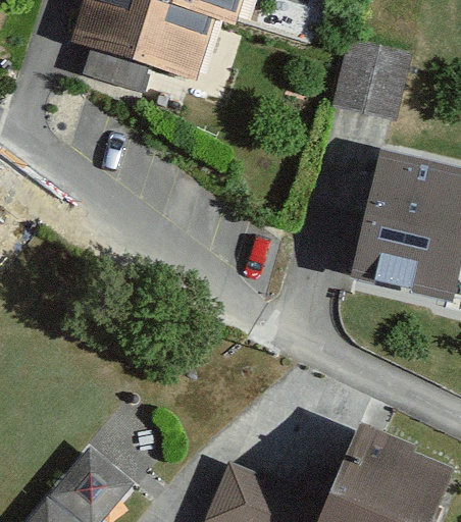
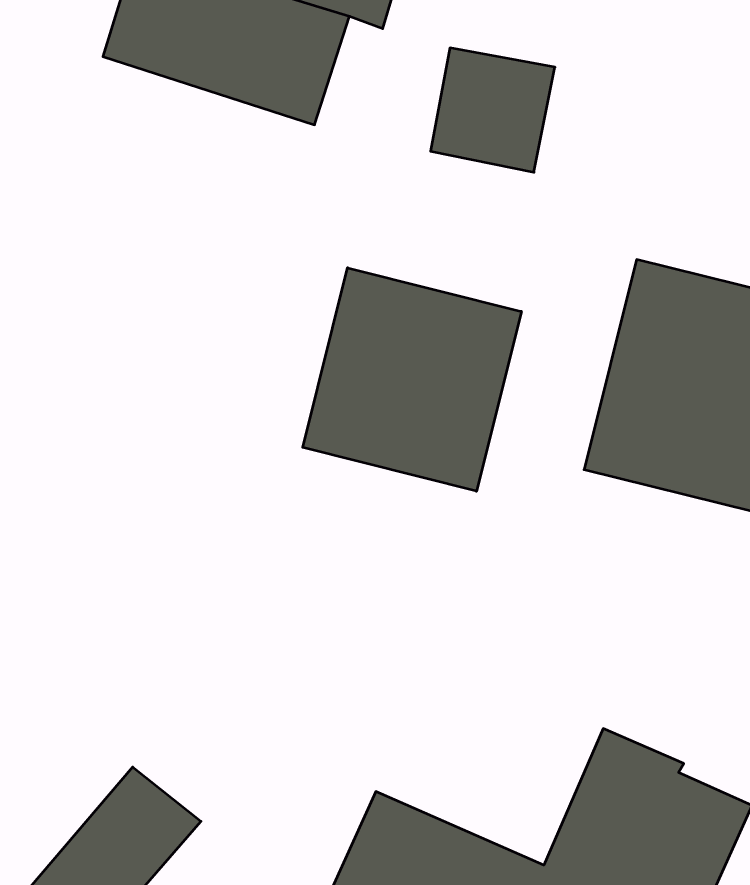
building: [335,45,407,117] -> [431,48,555,172]
building: none -> [303,268,521,491]

